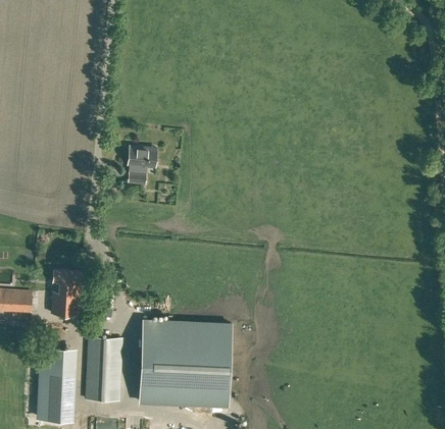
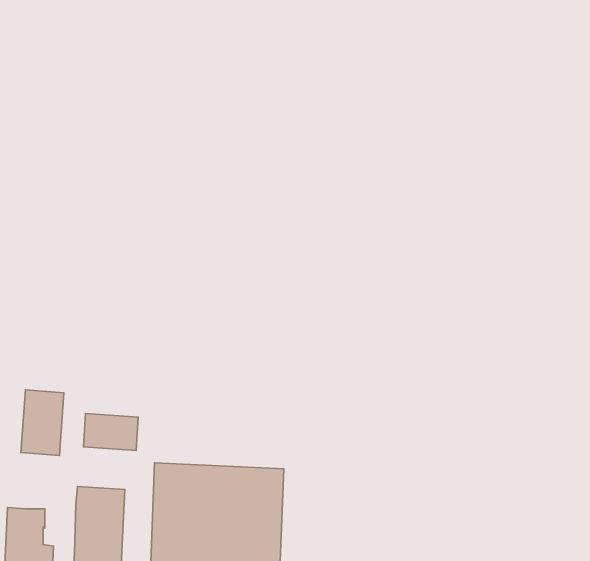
building: [129,147,157,184] -> none
building: none -> [83,414,138,451]

